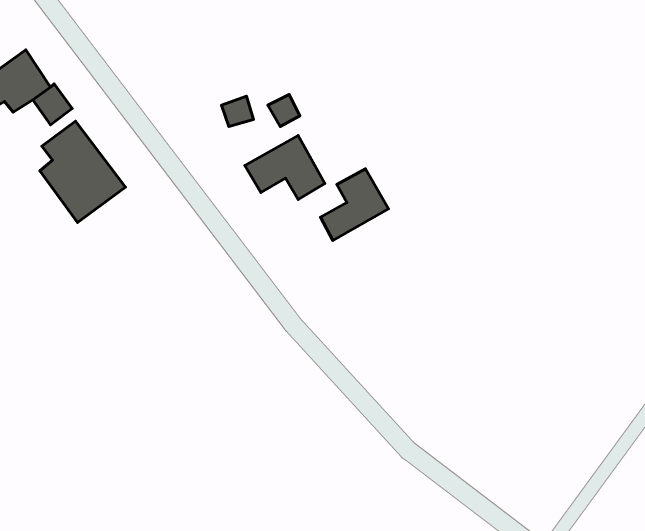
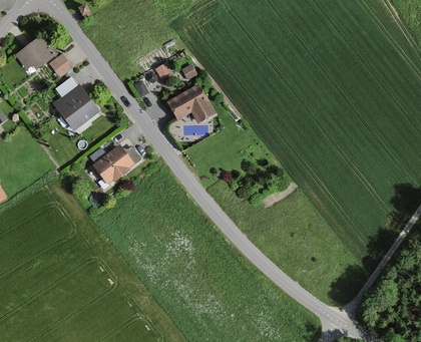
building: [321,169,389,241] -> none
building: none -> [93,145,135,186]

